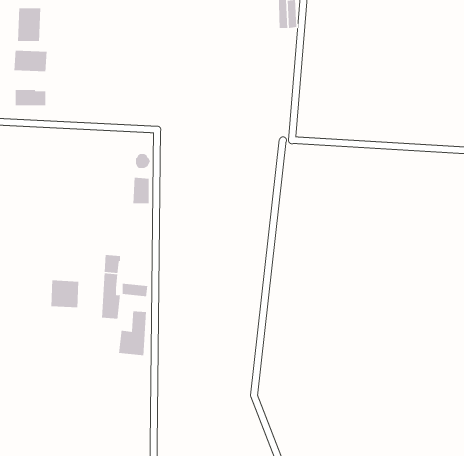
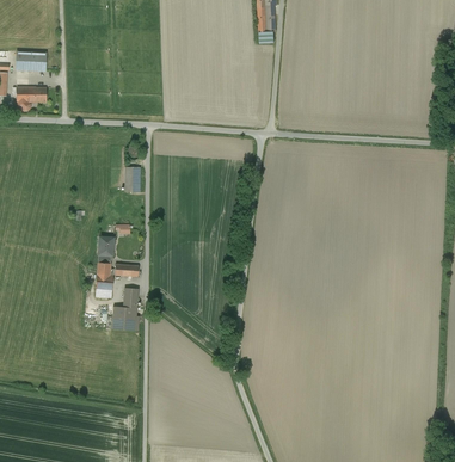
building: [17,8,41,42] -> none
building: [50,280,79,308] -> none

